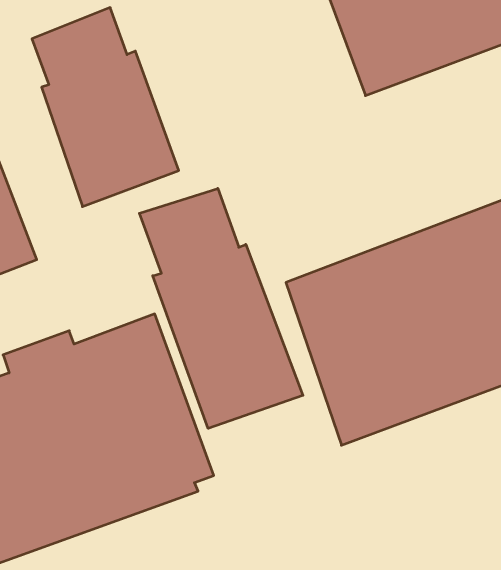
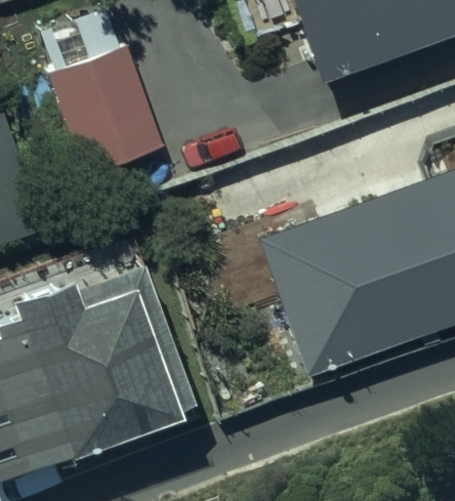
building: [139,188,303,428] -> none

